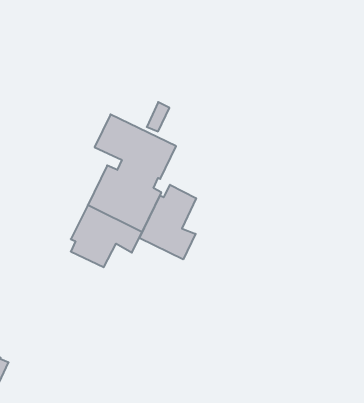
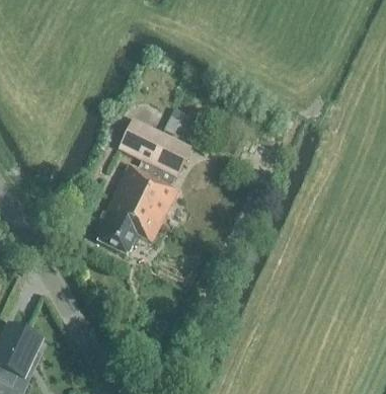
building: [139,185,196,259] -> none

